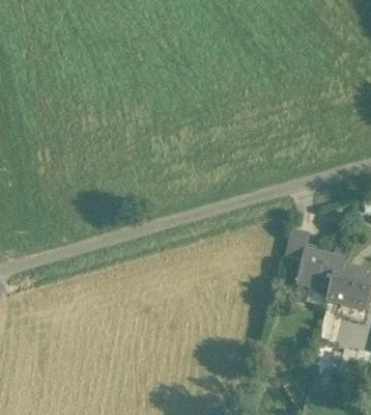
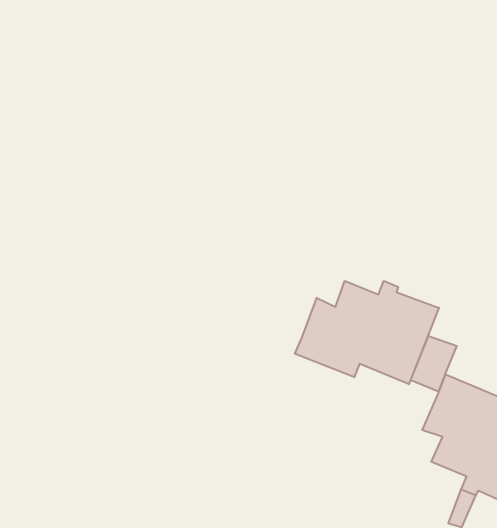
building: none -> [295,281,439,384]

